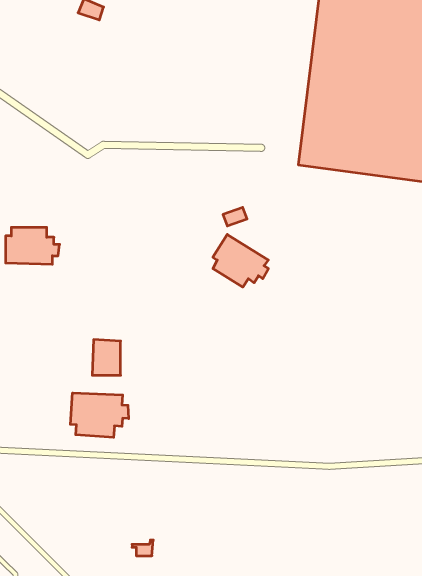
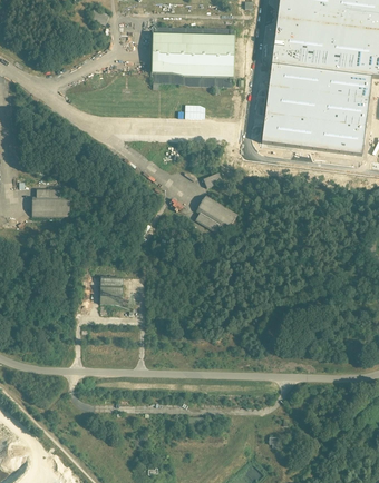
building: none -> [152,26,234,89]
building: [70,393,129,437] -> none

